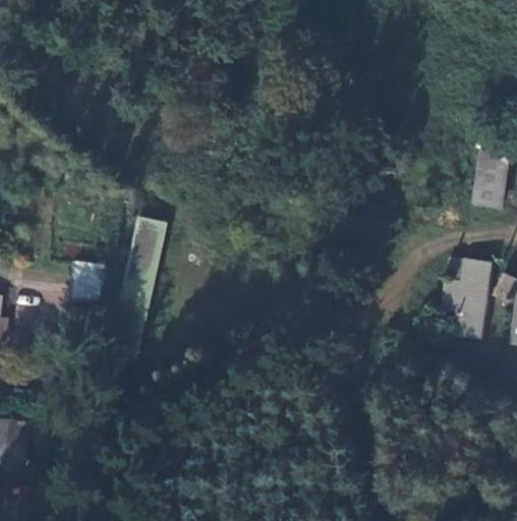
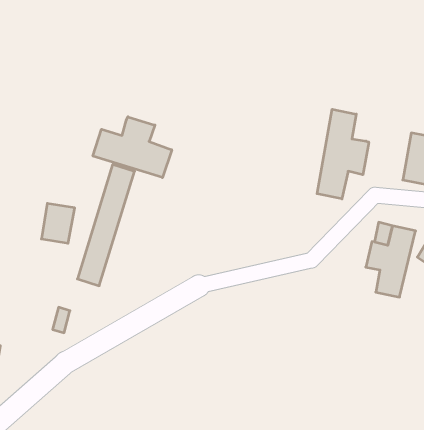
building: none -> [317,109,369,199]
building: none -> [93,117,172,178]

